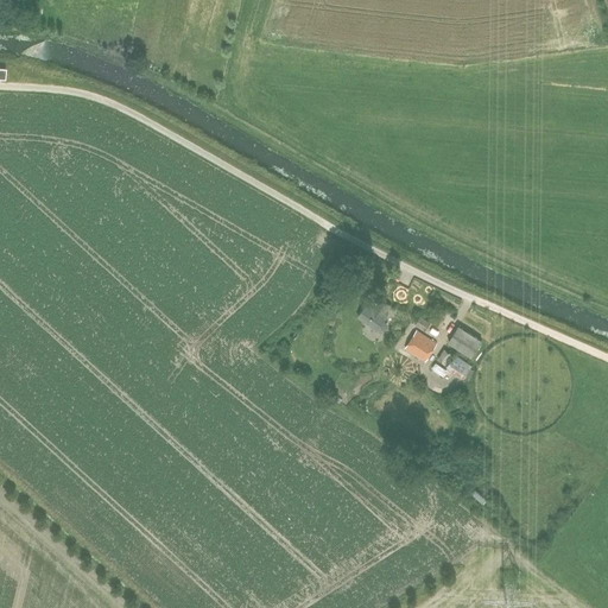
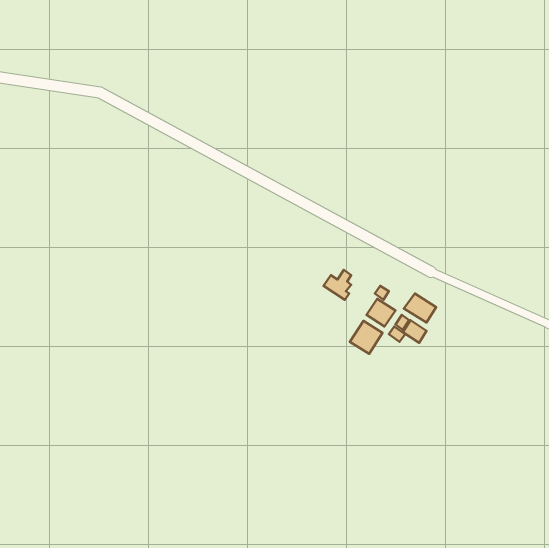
building: none -> [350,321,383,354]

